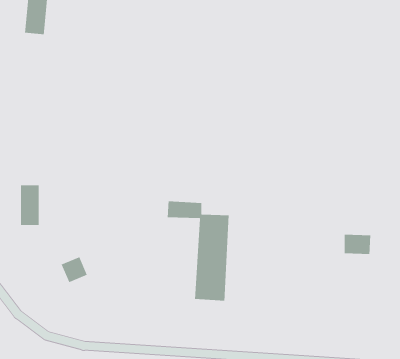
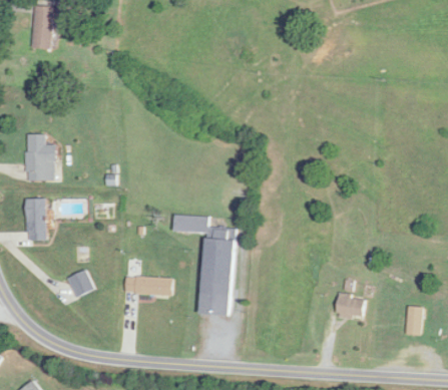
building: none -> [26,134,56,180]
building: [344,234,371,255] -> [337,295,364,316]
building: none -> [124,277,171,294]

